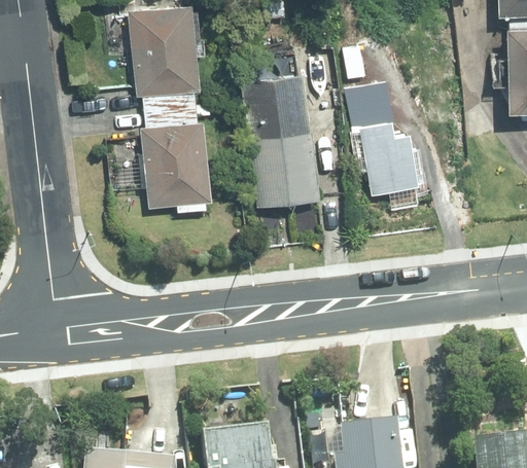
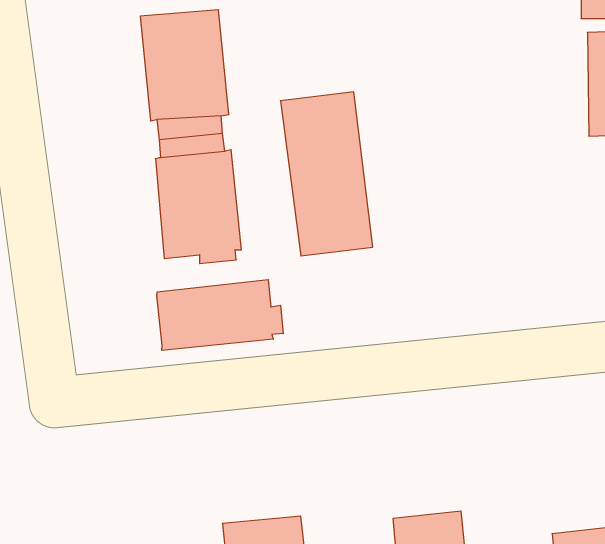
building: [346,83,419,196] -> none
building: none -> [157,280,283,350]

